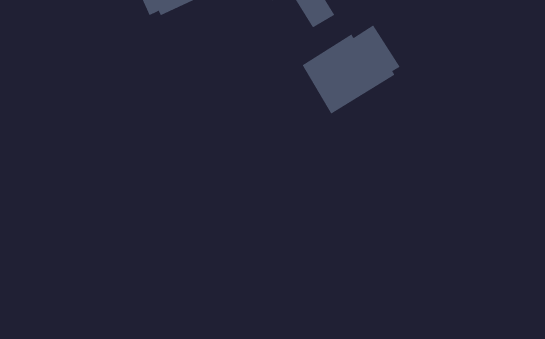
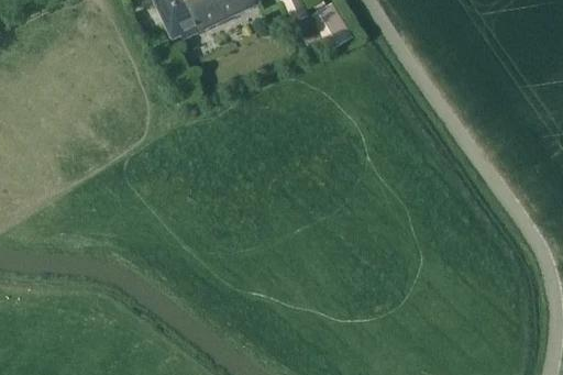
building: [302,25,401,114] -> none

